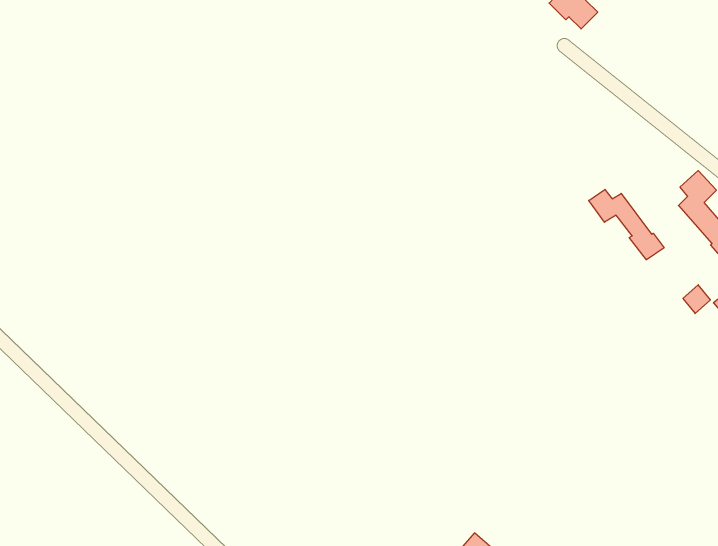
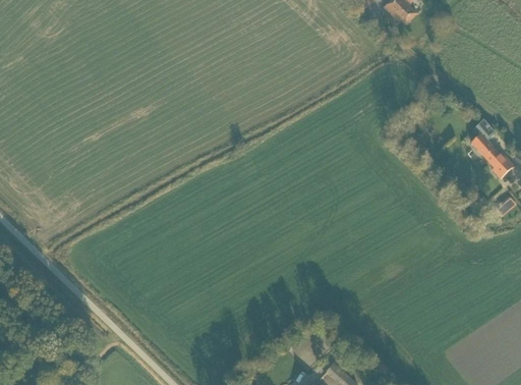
building: [589,189,664,260] -> none

